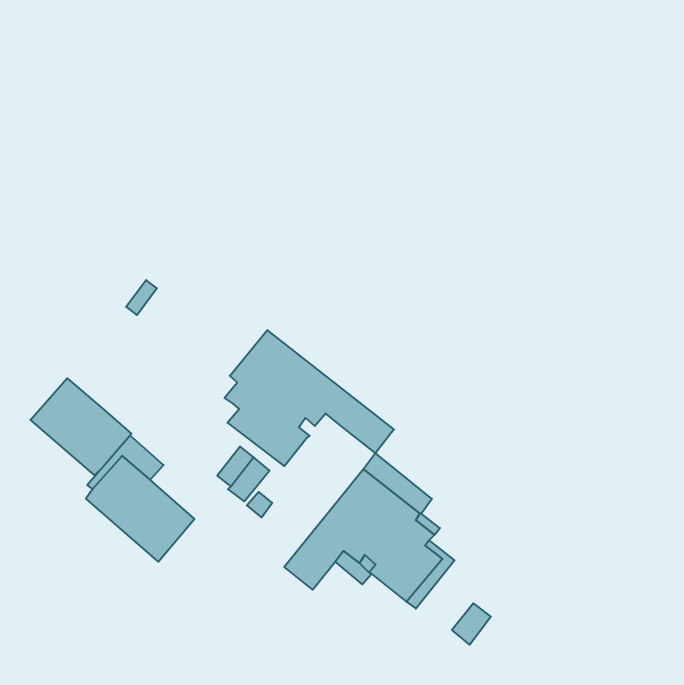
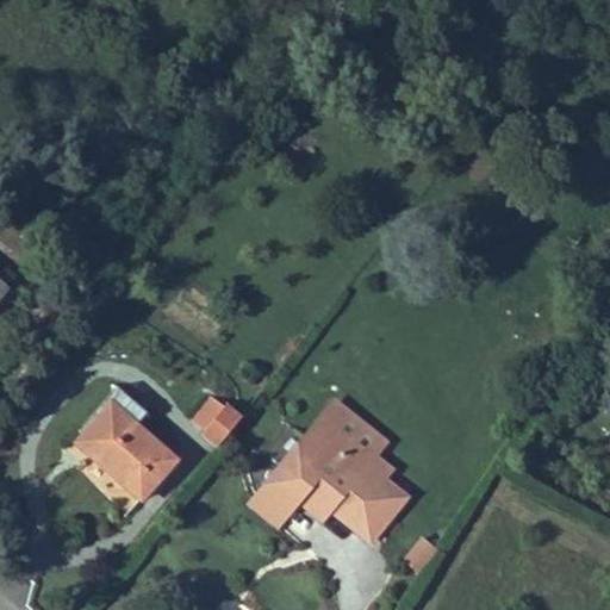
building: [225,330,394,466] -> none
building: [30,378,131,475] -> none

